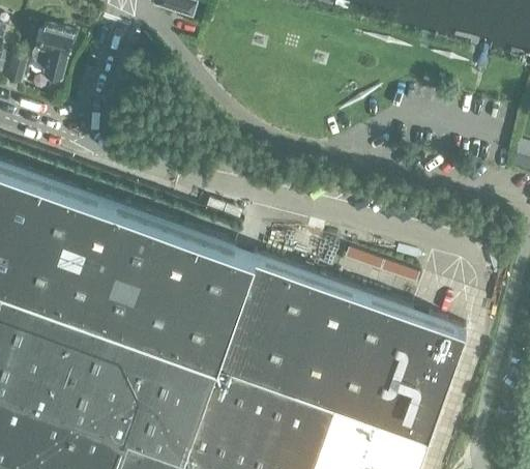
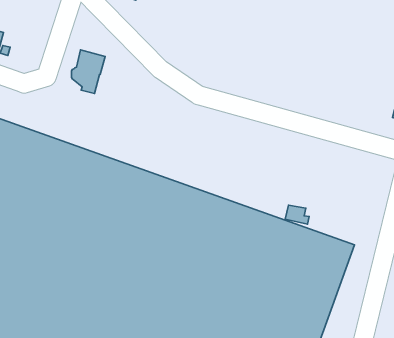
building: [33,31,76,86] -> [71,50,105,94]

